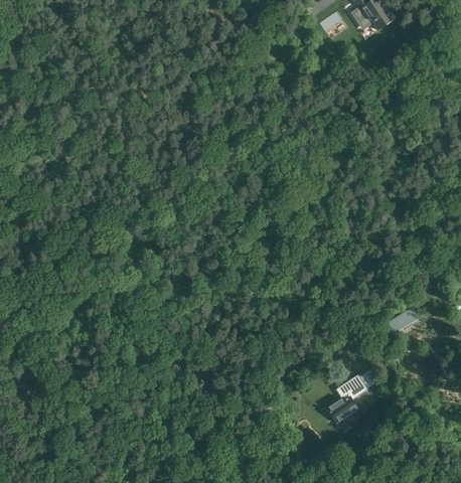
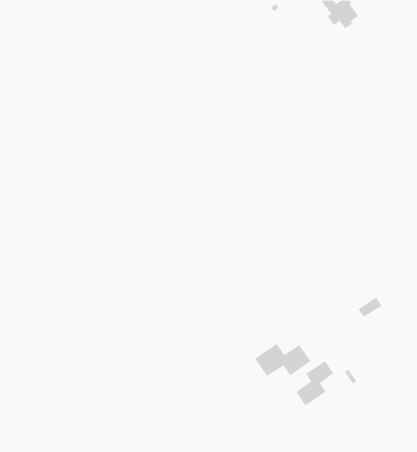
building: none -> [254,343,312,377]

